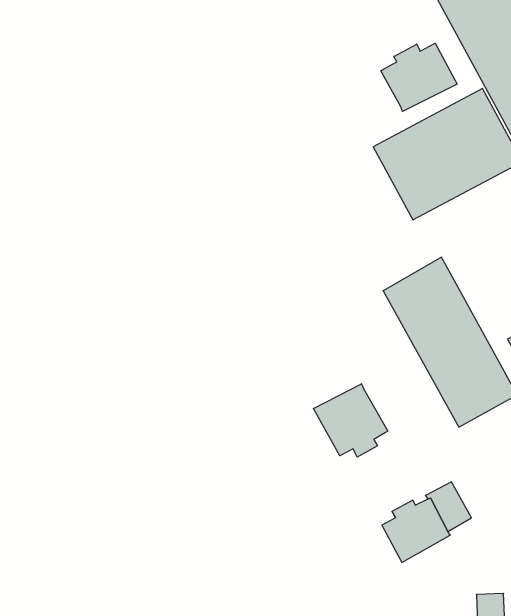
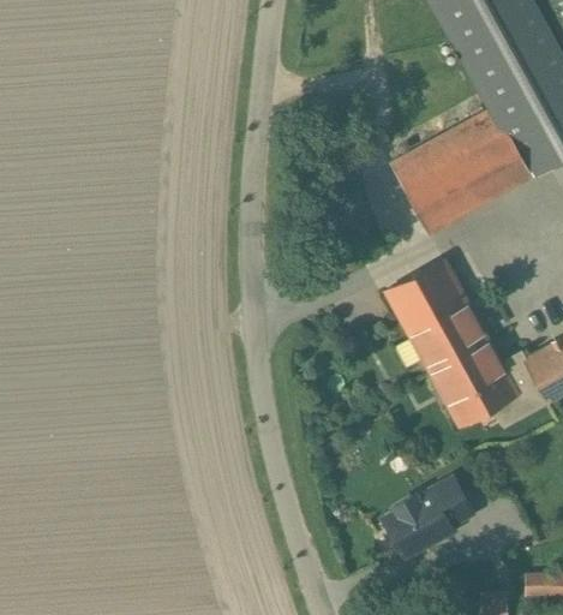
building: [381,43,457,111] -> none
building: [313,384,388,457] -> none

